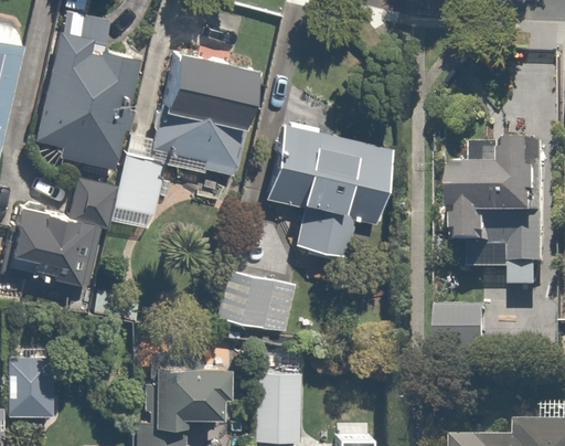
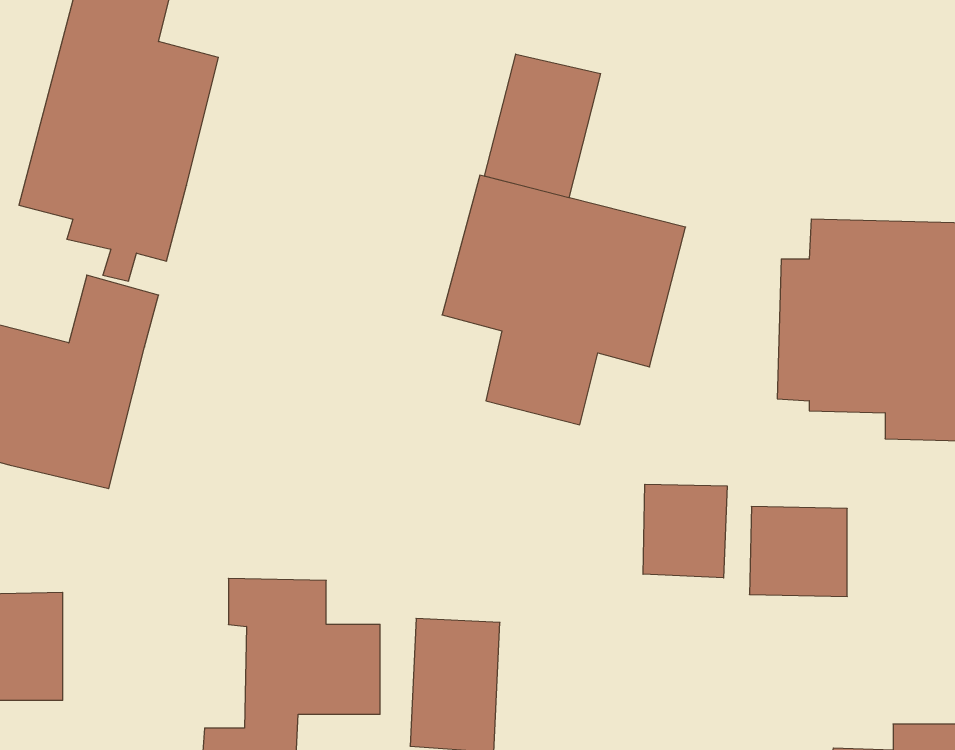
building: [103,49,263,232] -> none
building: none -> [485,54,601,198]
building: [220,268,297,339] -> none
building: none -> [643,484,727,578]

